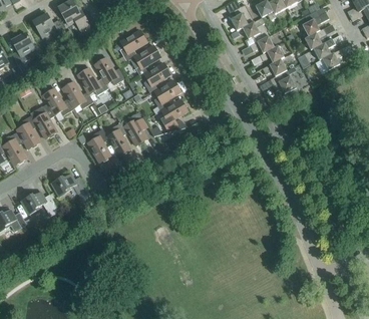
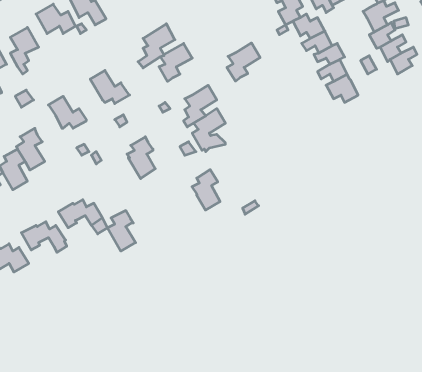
building: [95,57,126,84] -> none
building: [143,62,170,93] -> [227,43,260,81]
building: [62,81,93,108] -> none
building: [32,104,57,138] -> none
building: [124,111,147,144] -> [192,170,220,210]
building: [88,128,111,162] -> [107,211,136,251]

